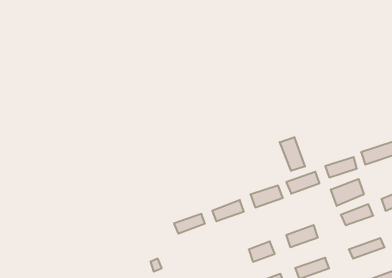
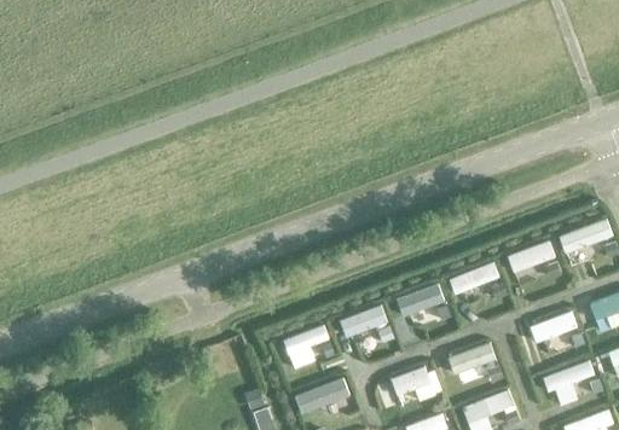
building: [280,137,305,171] -> none
building: [331,179,364,206] -> none
building: none -> [295,378,349,414]

